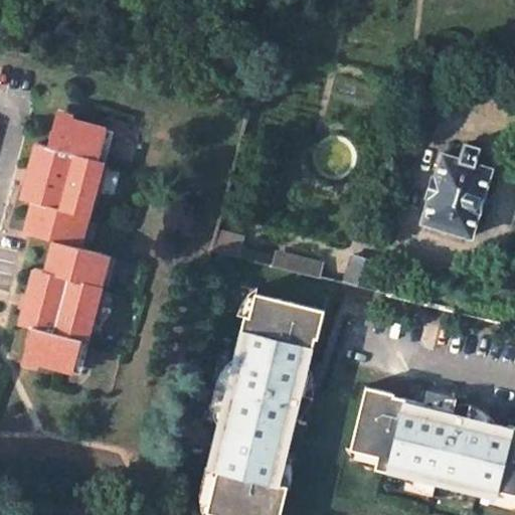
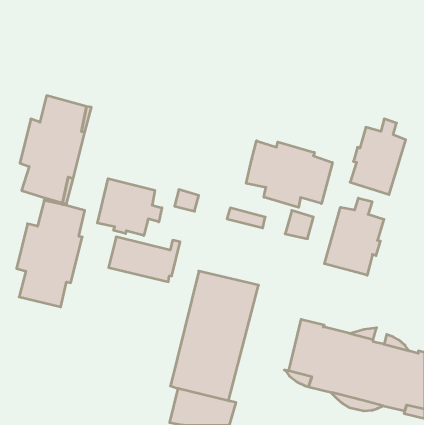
building: none -> [246,141,332,207]
building: none -> [97,179,162,236]
building: none -> [324,198,384,275]
building: [241,291,328,345] -> [109,237,180,282]

